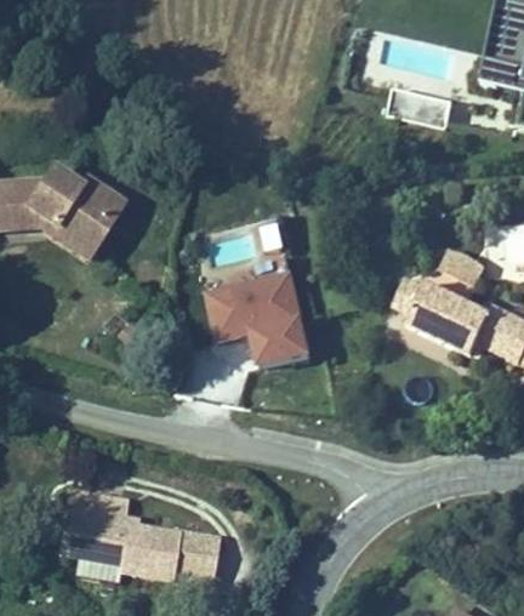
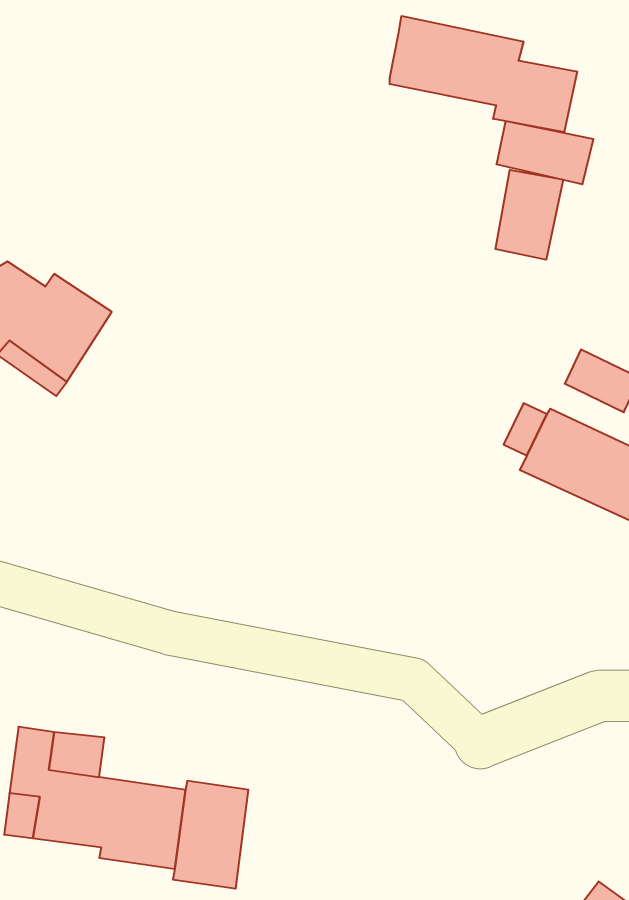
building: none -> [390,16,577,132]
building: none -> [495,170,563,260]
building: [201,264,312,363] -> none

